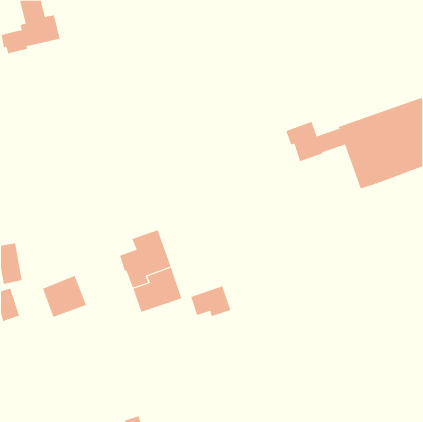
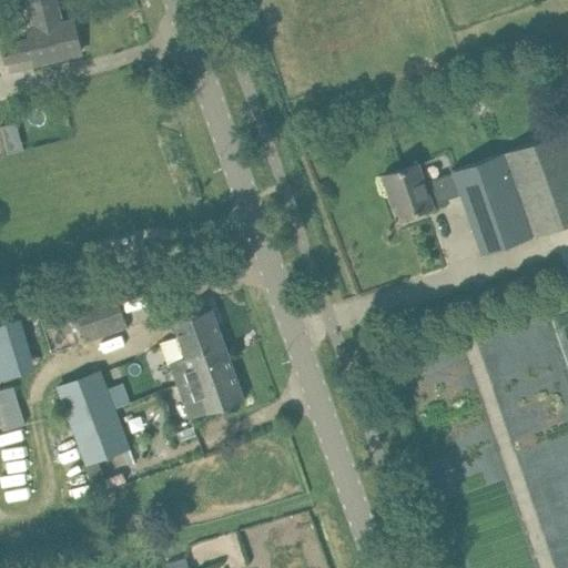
building: none -> [59,295,128,343]
building: [190,285,231,317] -> none
building: none -> [71,410,131,493]

